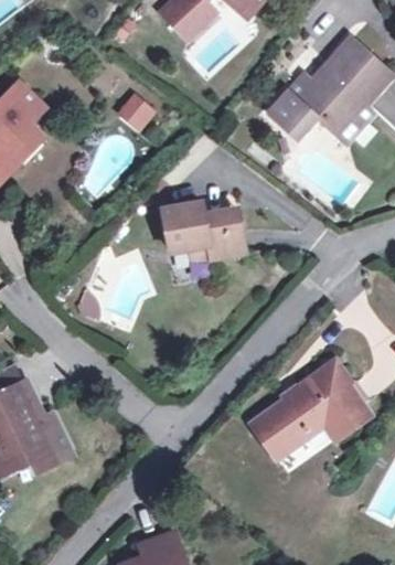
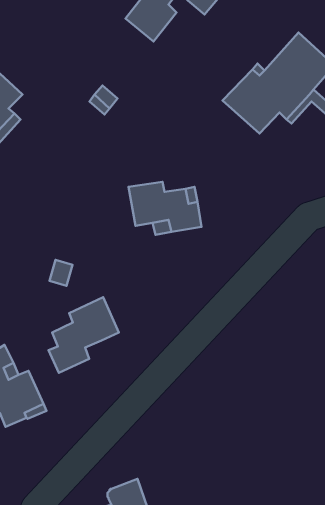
building: none -> [48,297,119,373]
building: [254,361,369,457] -> none

